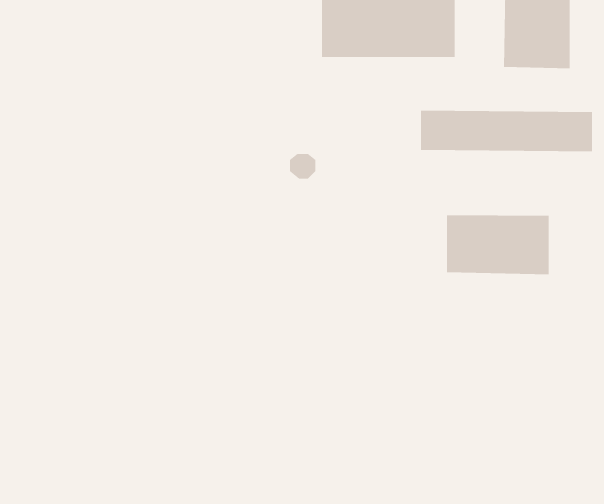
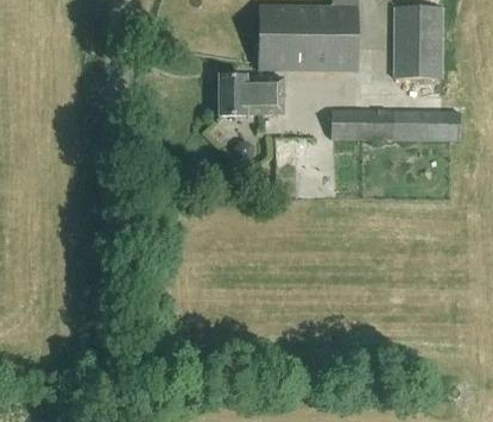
building: none -> [220,75,284,115]
building: [447,214,549,275] -> none

